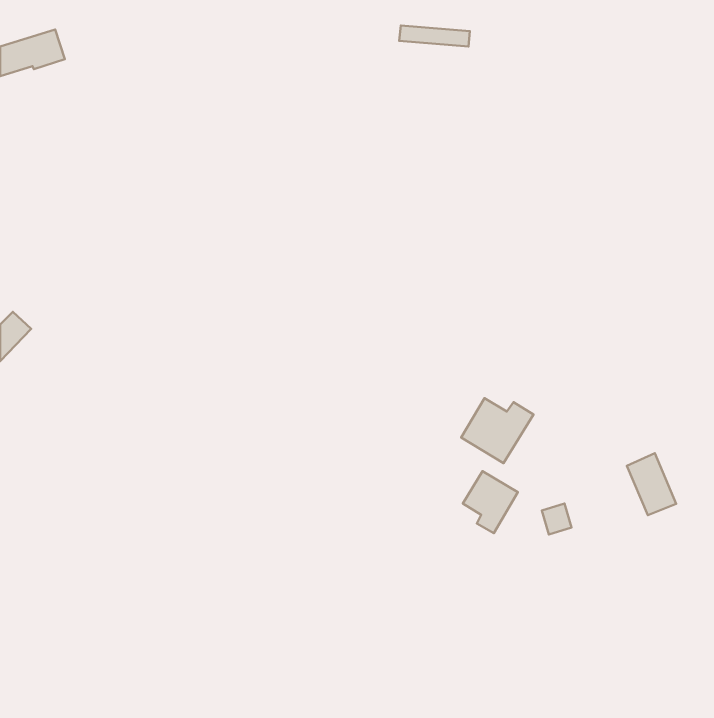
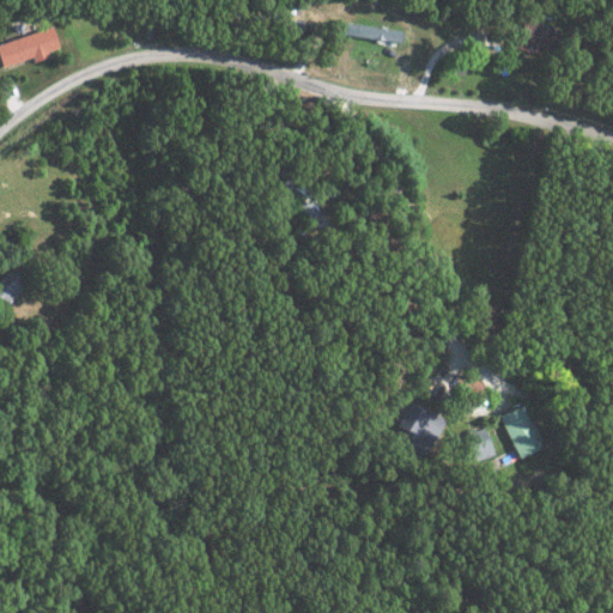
building: [461,398,534,463] -> none
building: [627,453,676,515] -> [502,406,544,459]

